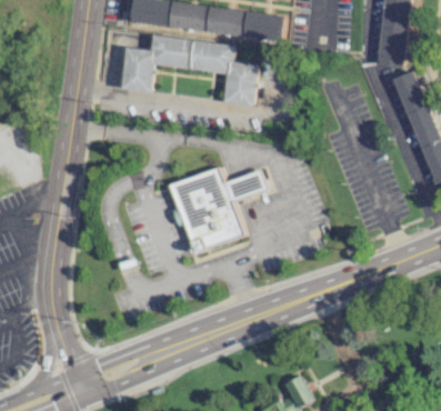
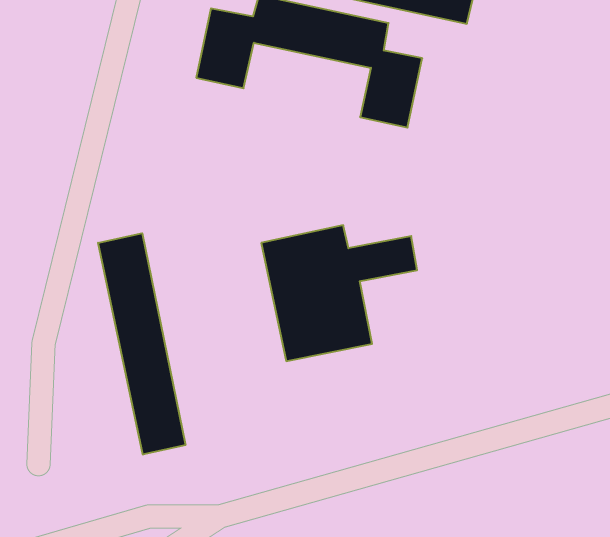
building: none -> [98,233,185,455]

